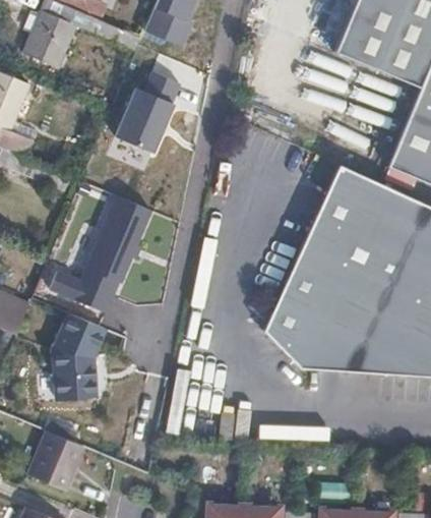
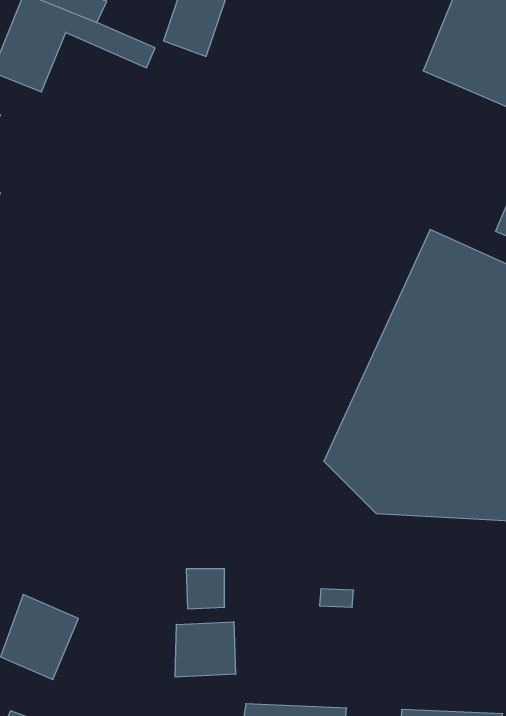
building: [112,70,179,154] -> none
building: [45,193,149,316] -> none
building: [52,318,99,400] -> none
building: none -> [175,622,236,677]

